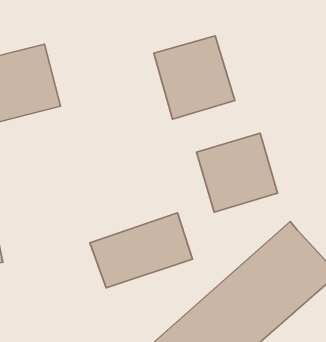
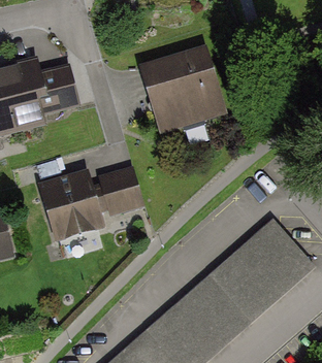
building: [197,133,278,212] -> none
building: [90,213,193,288] -> [52,164,143,231]

